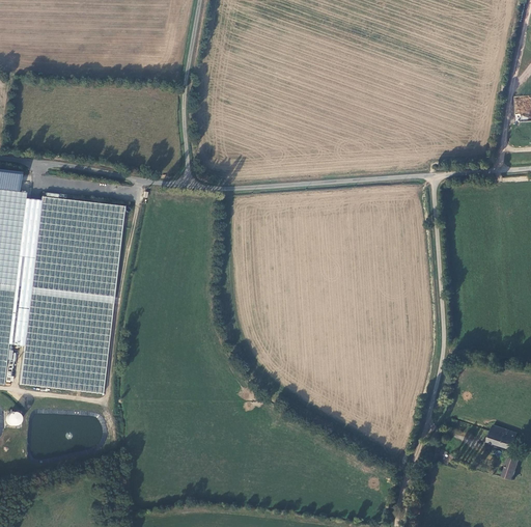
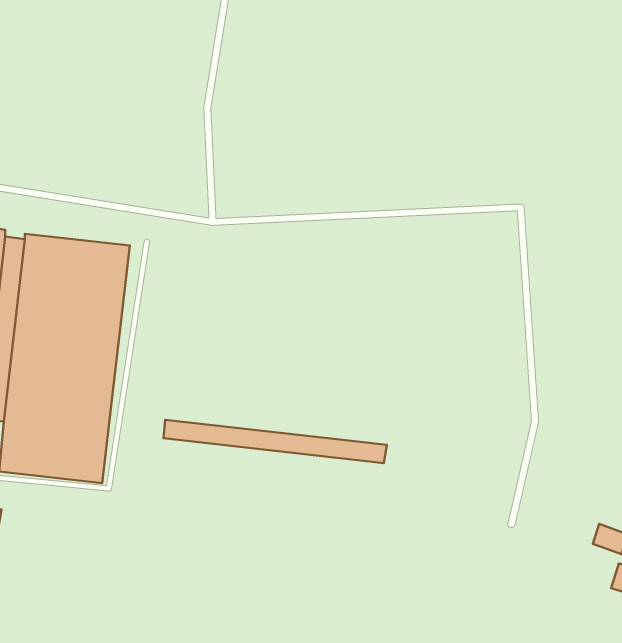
building: none -> [163,420,387,463]

